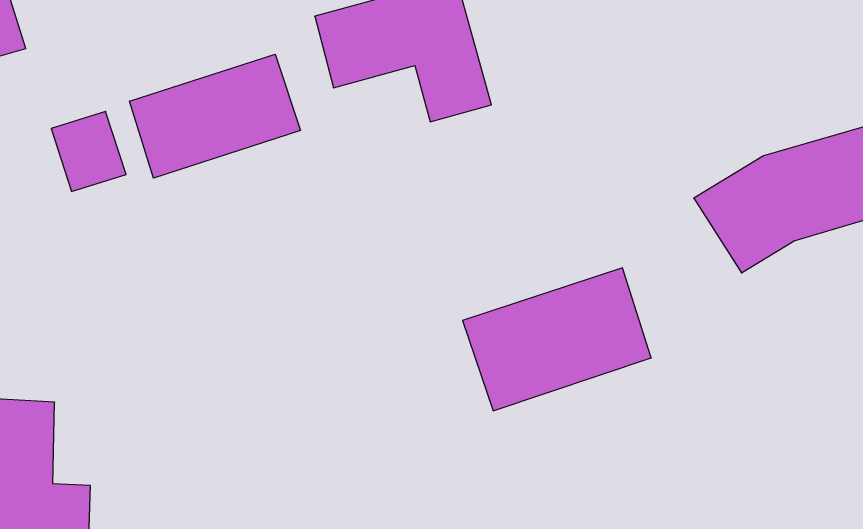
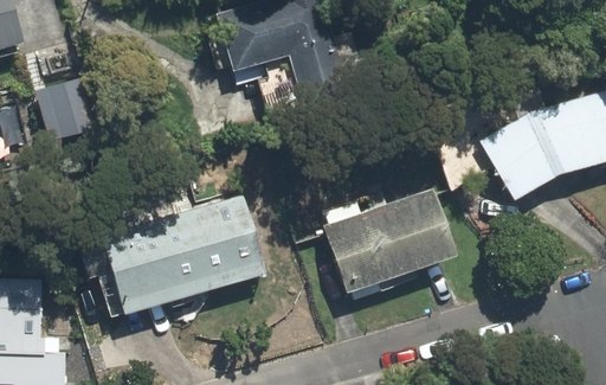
building: [129,54,301,178] -> none
building: none -> [112,201,259,310]

